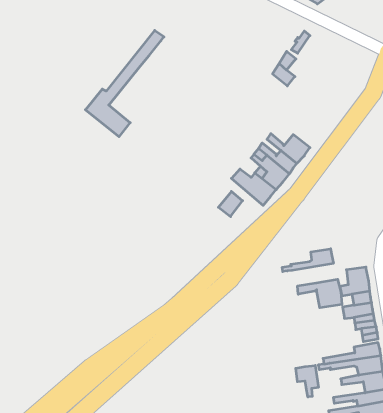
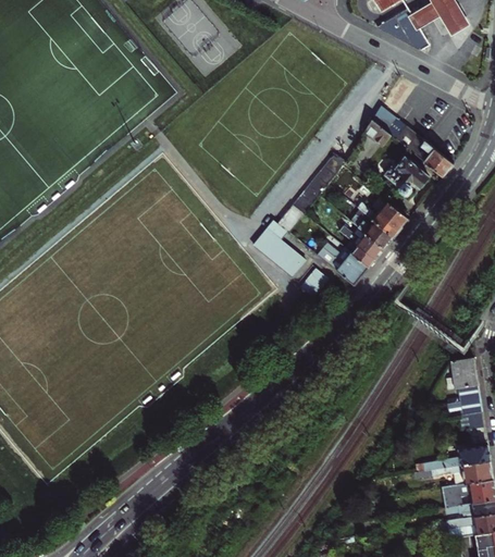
building: [85,30,164,137] -> [255,152,346,276]
building: none -> [396,125,453,174]
building: none -> [385,157,431,195]
building: [282,249,333,272] -> none
building: [298,279,342,308] -> none
building: [296,365,318,397] -> none

